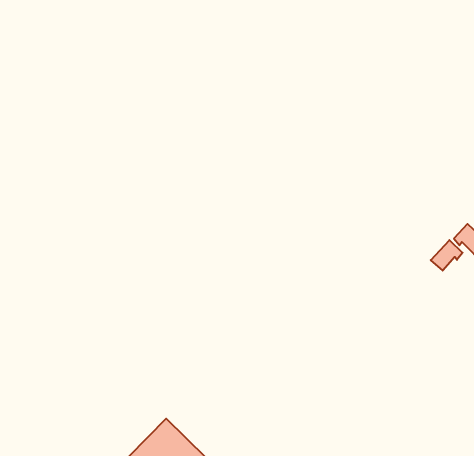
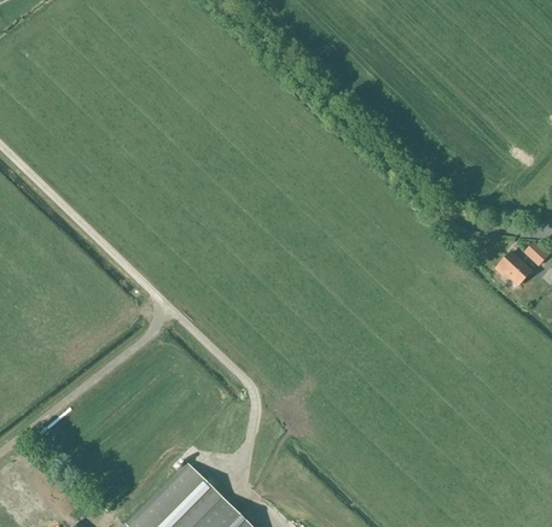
building: [431,240,463,271] -> none

